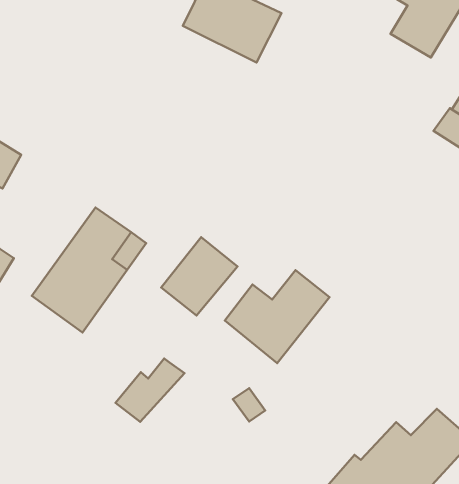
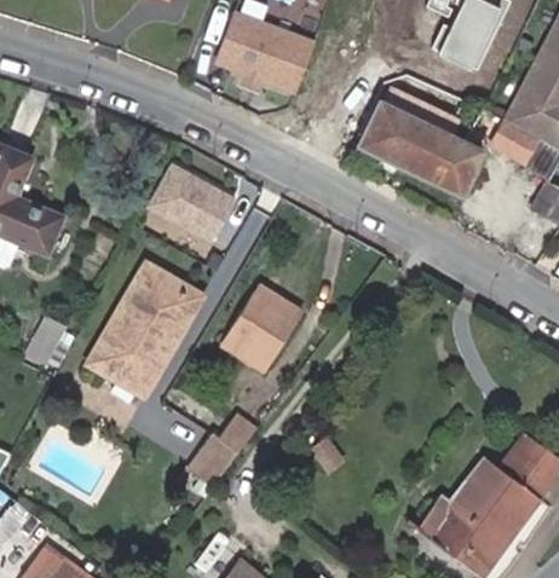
building: none -> [357,82,479,195]
building: none -> [146,163,240,245]
building: [225,270,329,363] -> none

